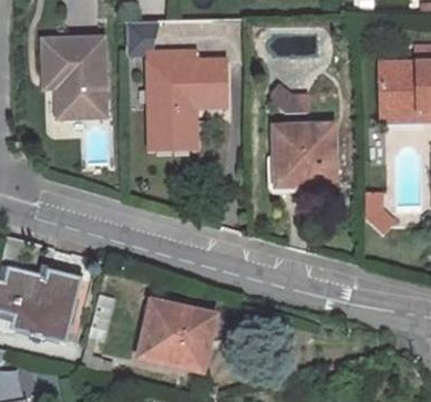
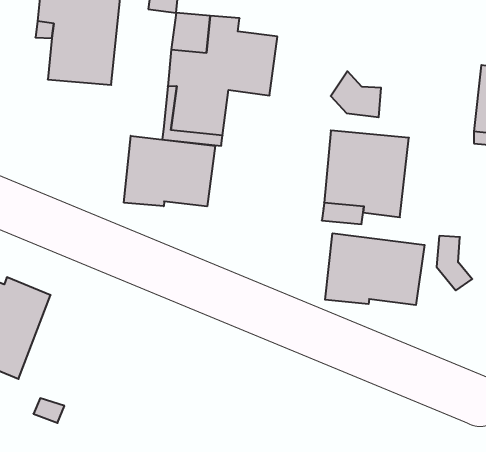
building: none -> [124,136,215,206]
building: none -> [325,233,425,305]
building: [138,300,216,369] -> none

